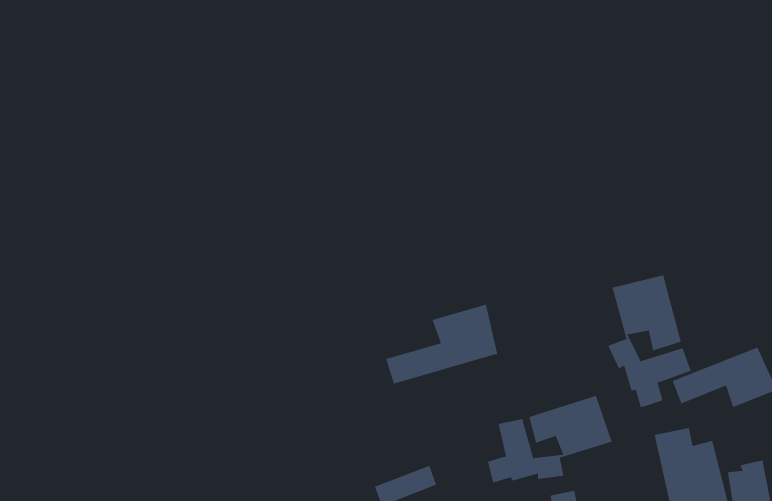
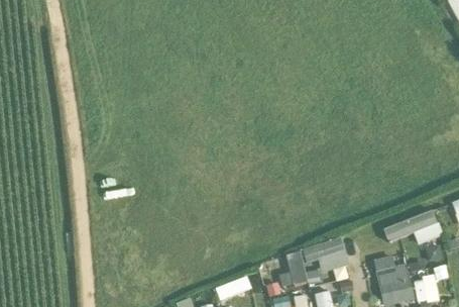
building: [607,275,692,408] -> none
building: [386,304,498,385] -> none

